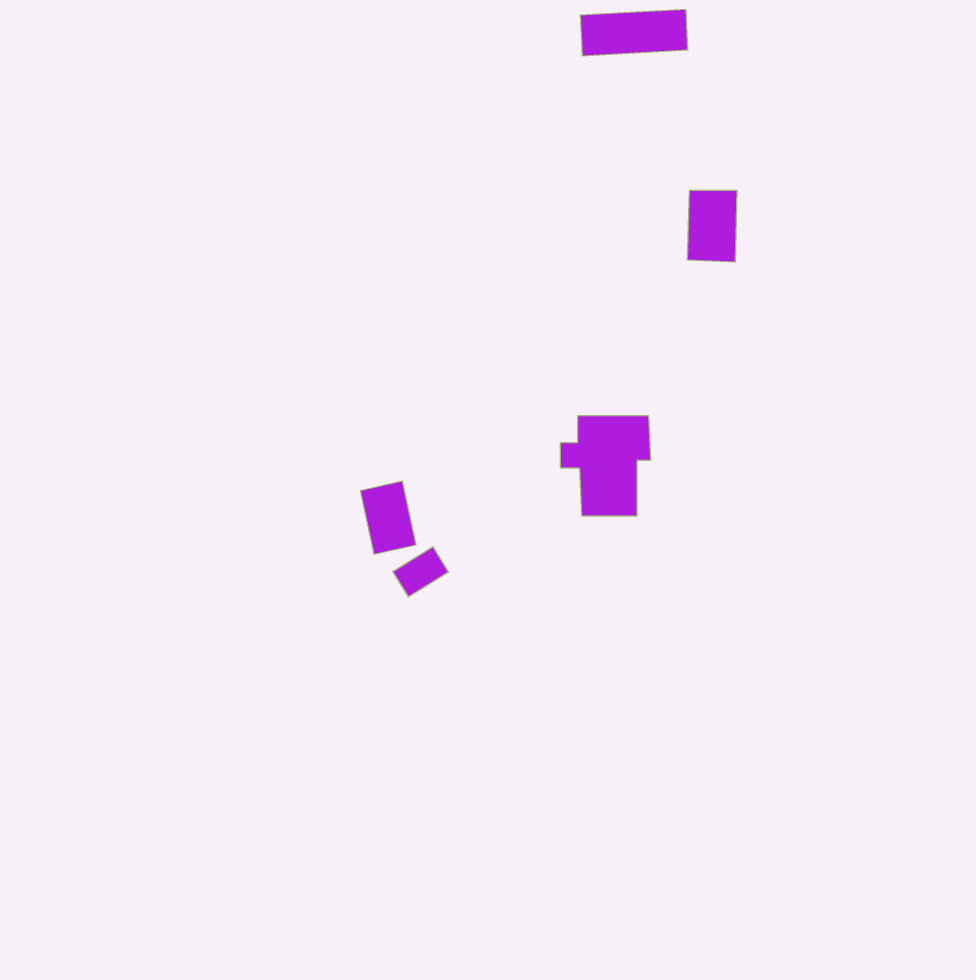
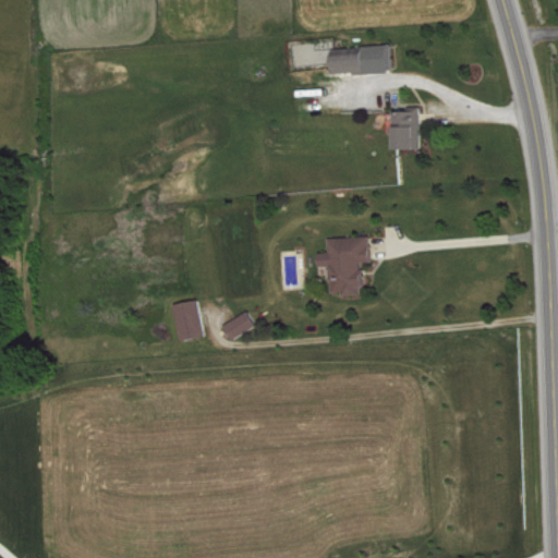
building: [580,10,688,56] -> [327,48,388,74]
building: [360,481,416,554] -> [171,300,203,341]

